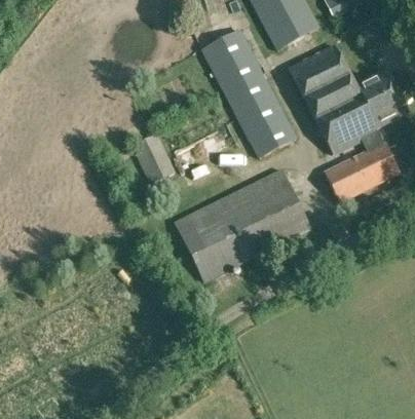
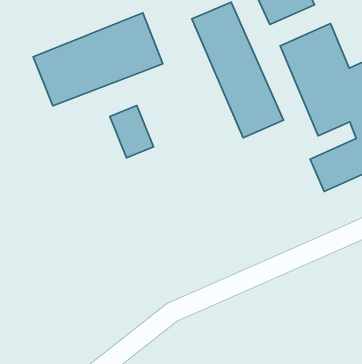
building: none -> [33,13,163,106]
building: [175,169,311,280] -> none

